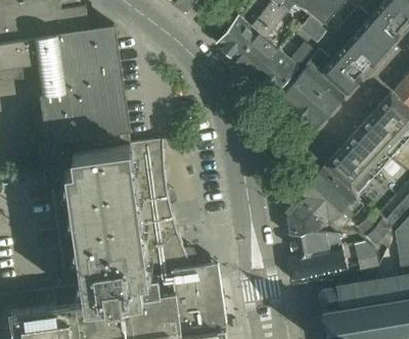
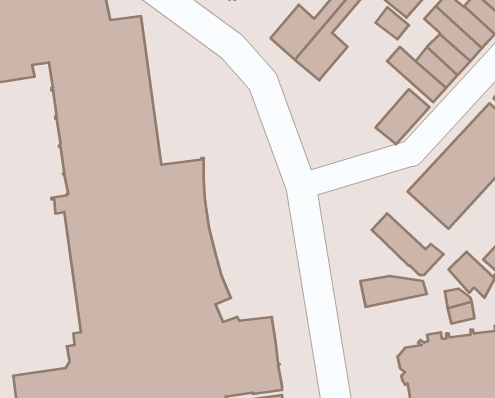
building: [256,42,313,92] -> none
building: [281,66,327,113] -> none
building: [310,167,364,214] -> none
building: [281,196,327,233] -> none
building: [288,246,348,280] -> none

